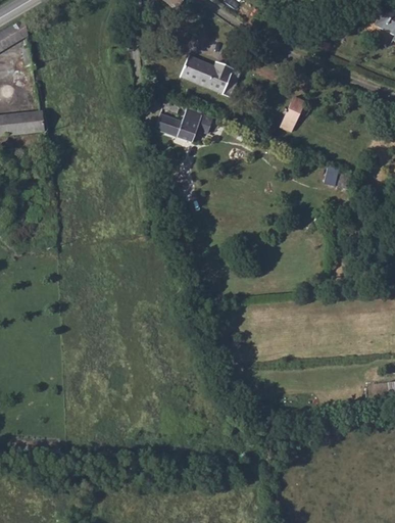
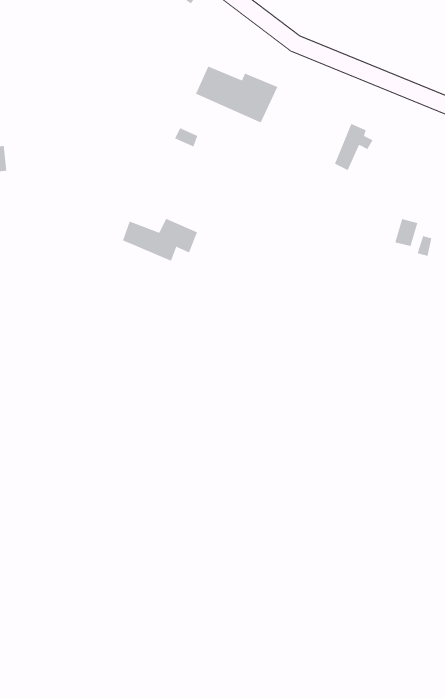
building: [157,109,212,141] -> [122,218,198,261]

